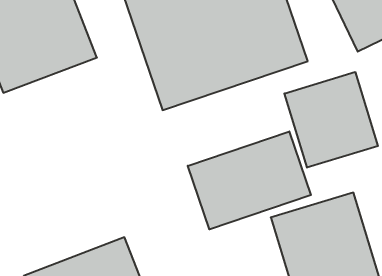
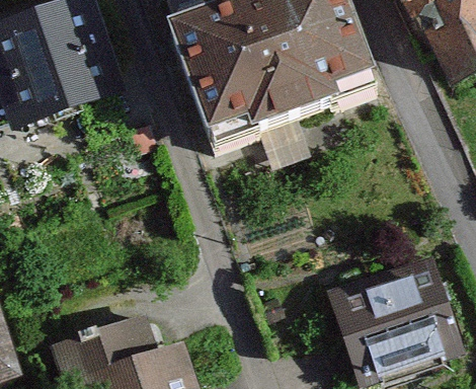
building: [284,72,378,168] -> none
building: [188,131,311,229] -> none

